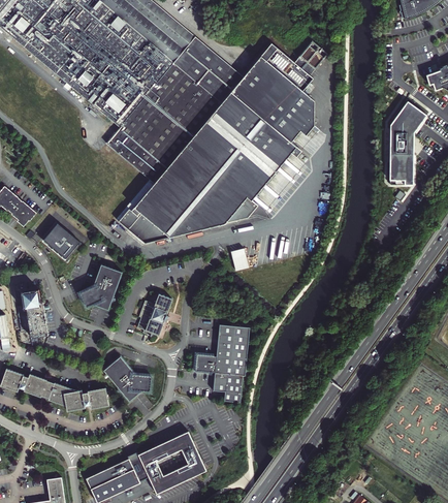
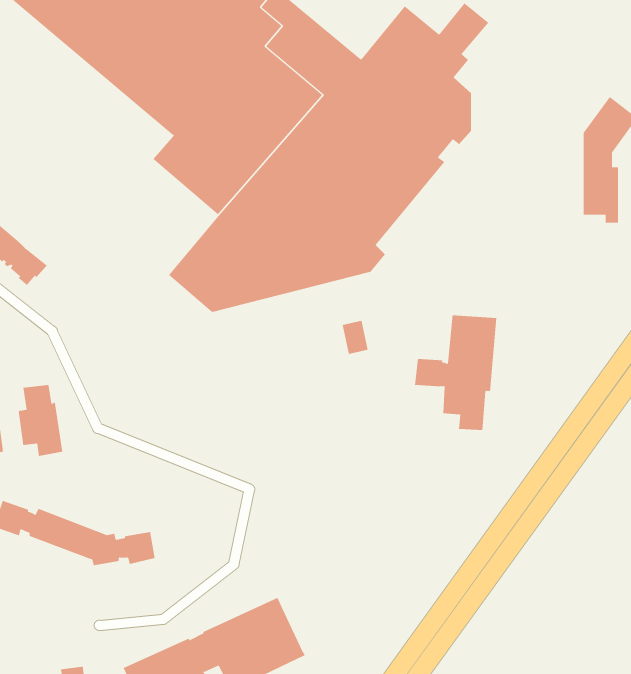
building: [40,221,82,261] -> none
building: [79,263,122,309] -> none
building: [136,292,172,335] -> none
building: [194,325,249,402] -> [414,315,497,431]
building: [103,355,152,402] -> none

